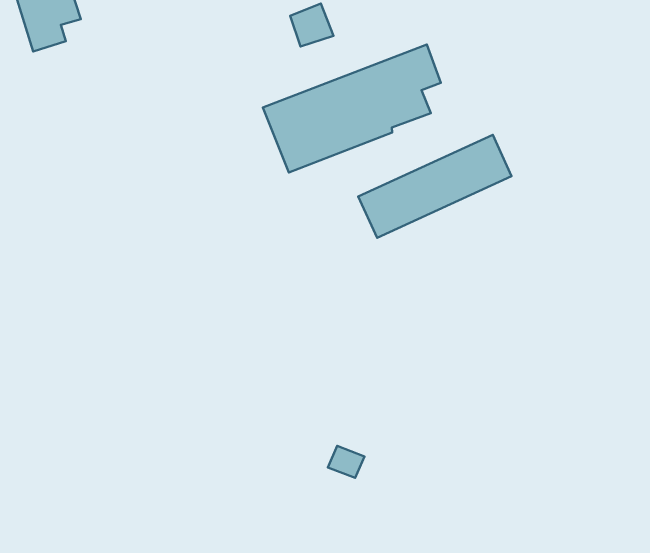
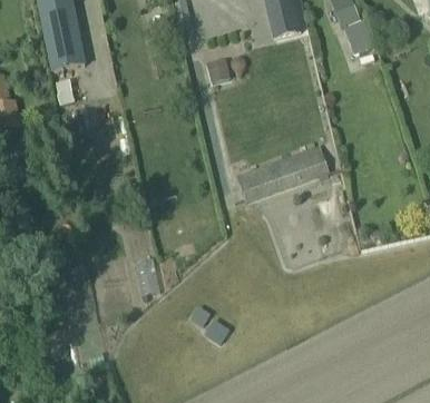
building: [263,45,441,172] -> none

